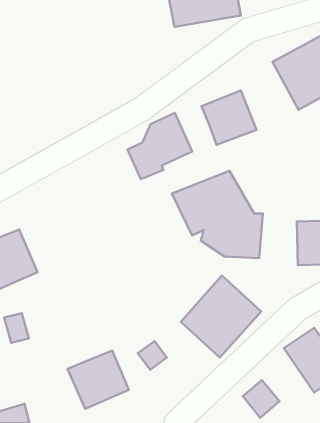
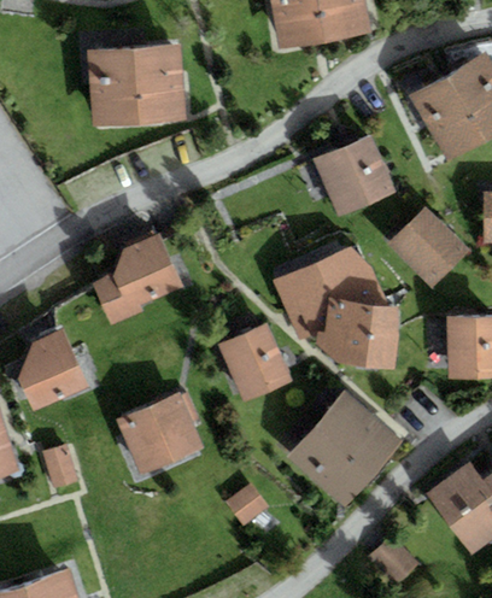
building: none -> [88,41,188,125]
building: [128,113,192,179] -> [92,233,181,324]
building: none -> [389,206,472,288]
building: none -> [219,324,292,399]
building: [68,350,129,409] -> [117,393,201,474]

